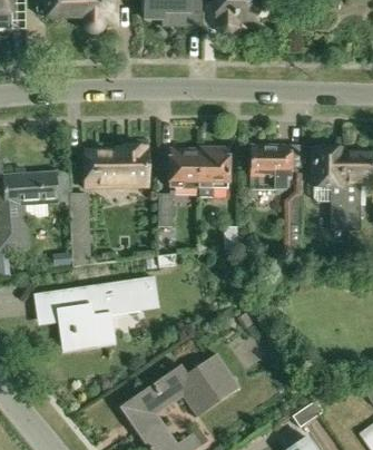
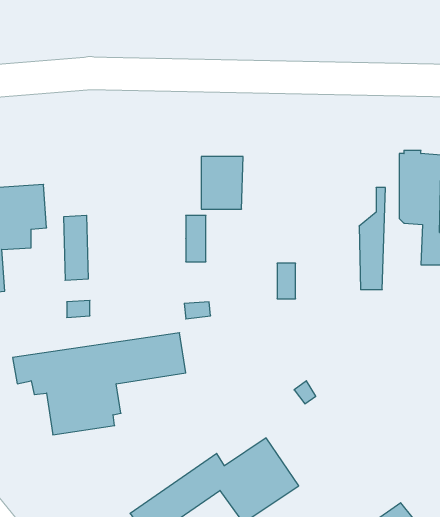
building: [251,143,291,187] -> none
building: [85,145,148,186] -> none
building: [199,146,228,195] -> none

